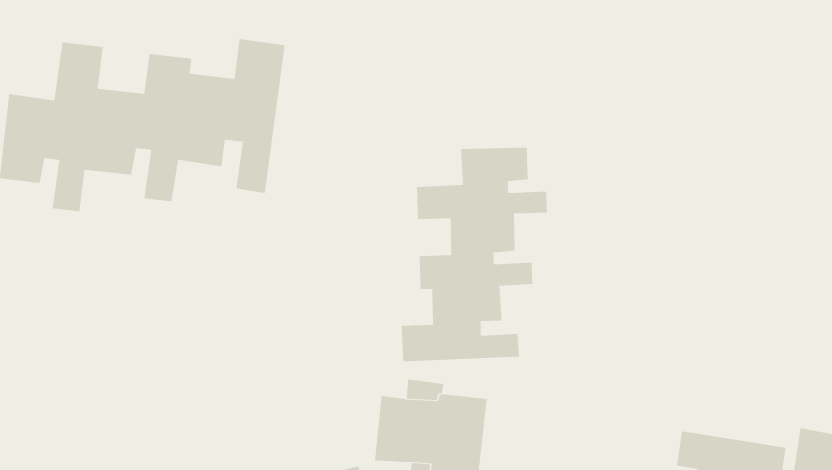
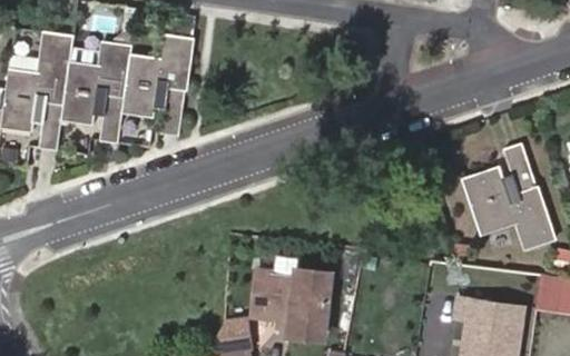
building: [401,147,547,362] -> none
building: none -> [462,142,552,244]

